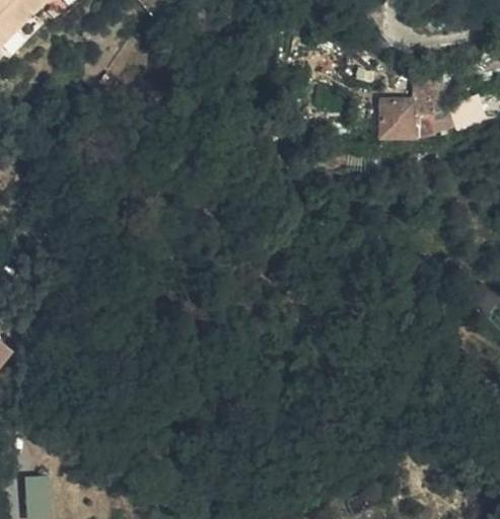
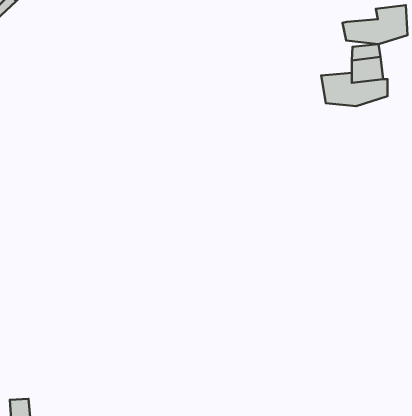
building: none -> [343,5,407,44]

